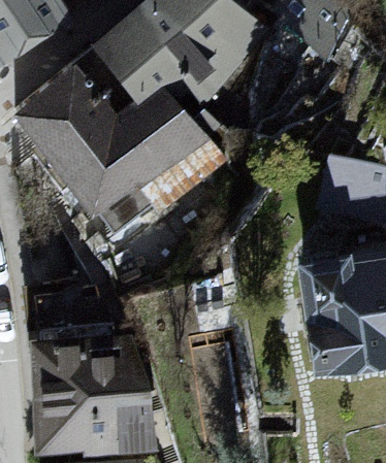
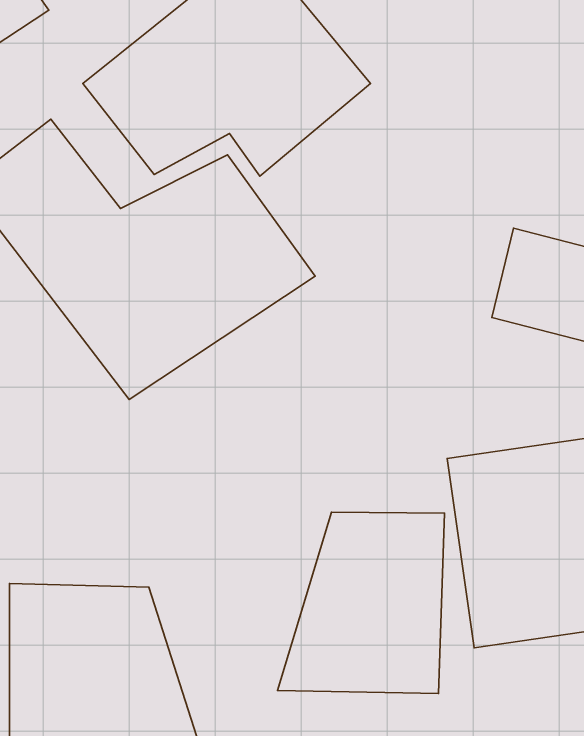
building: none -> [278,512,445,693]

